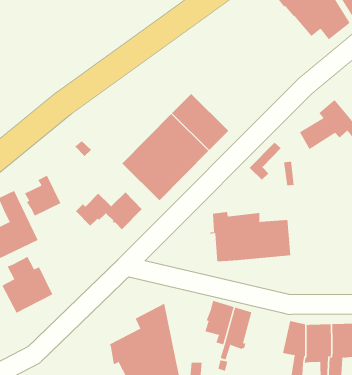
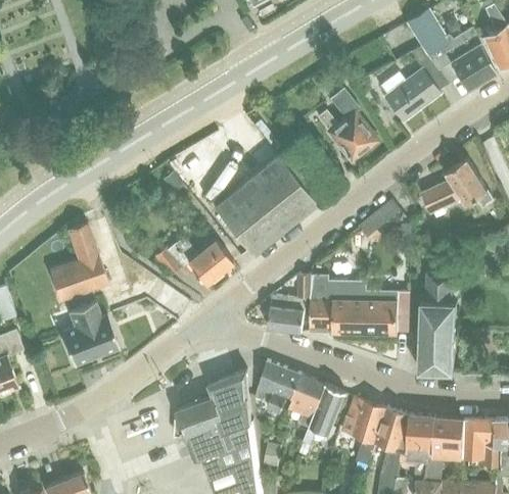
building: none -> [378,47,447,120]
building: none -> [317,90,373,160]
building: [24,175,61,216] -> none
building: none -> [419,273,457,374]
building: none -> [268,276,311,332]
building: none -> [255,361,300,414]
building: none -> [342,397,386,459]

